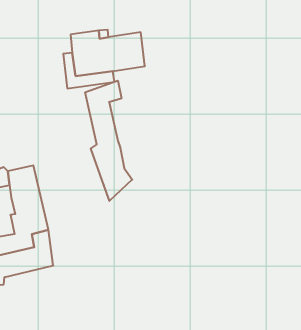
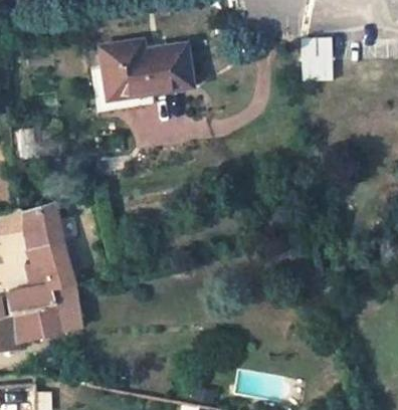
building: none -> [302,38,333,80]
building: [85,81,132,201] -> none

